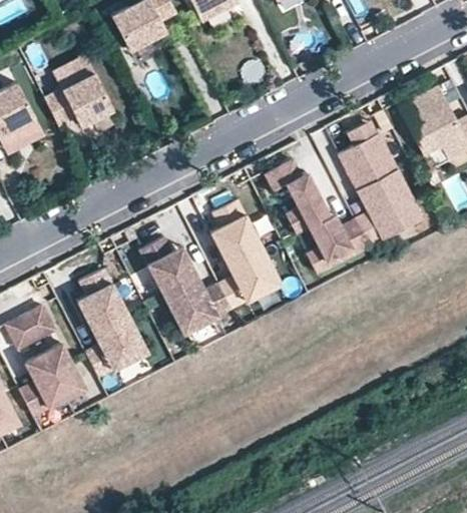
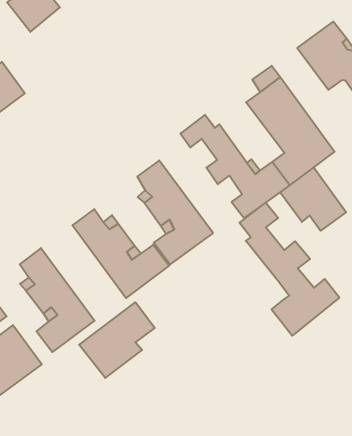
building: none -> [280,168,346,231]
building: none -> [239,203,339,336]
building: none -> [79,302,155,378]

